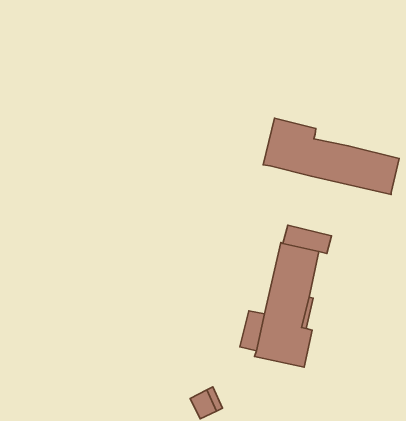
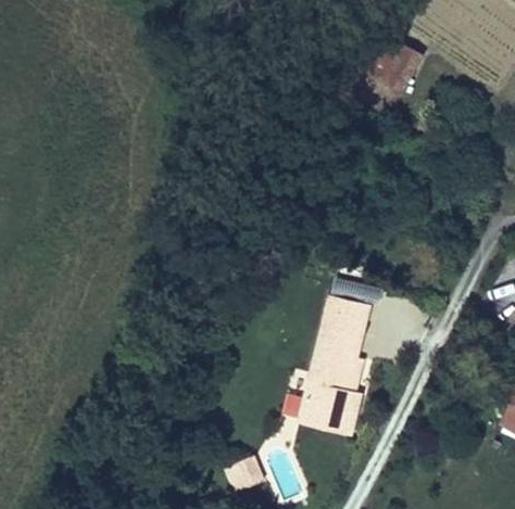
building: none -> [373,39,424,91]
building: [263,118,399,195] -> none

